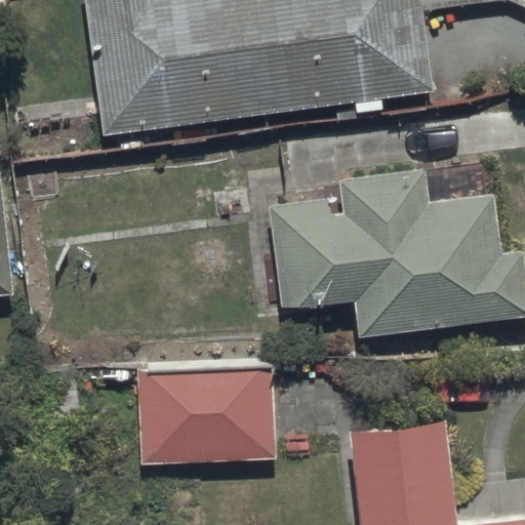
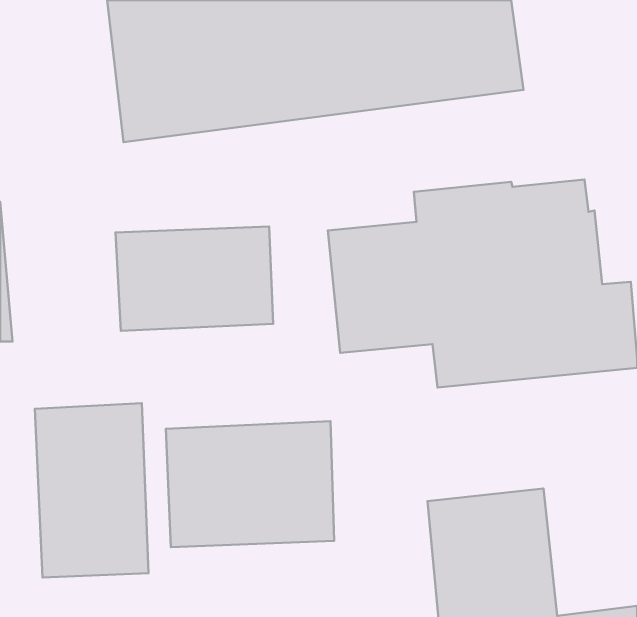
building: none -> [115,227,273,331]
building: none -> [35,403,149,578]

